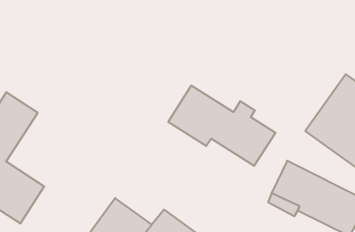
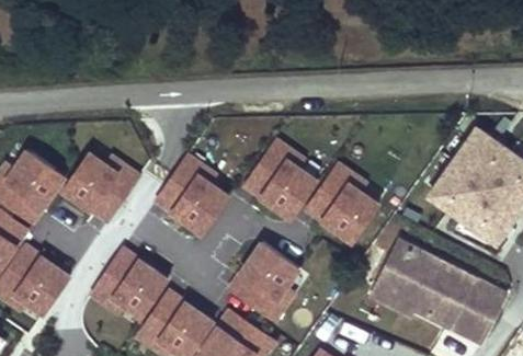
building: none -> [59,145,140,226]
building: none -> [149,153,237,241]
building: none -> [225,234,308,318]
building: none -> [88,245,171,329]

